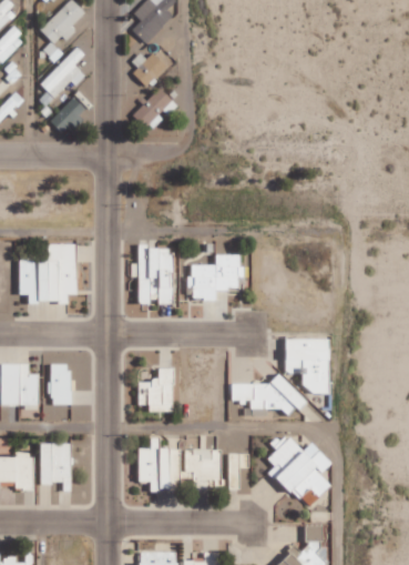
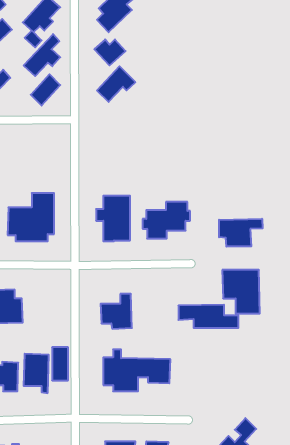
building: none -> [219,219,263,247]
building: [50,363,70,404] -> [52,347,68,380]
building: [267,437,333,509] -> none

